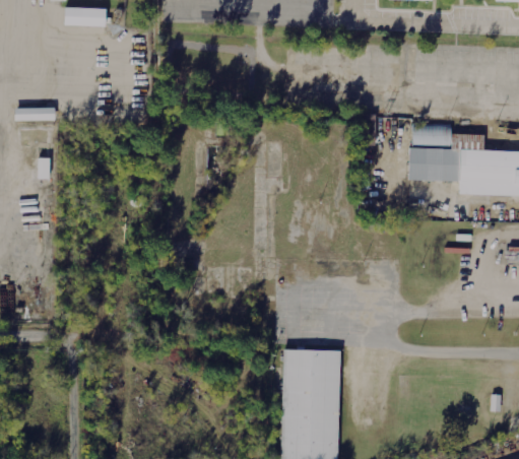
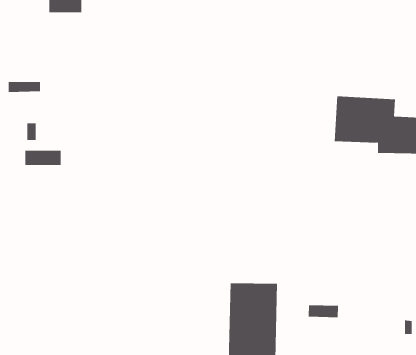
building: none -> [25,150,61,166]
building: none -> [308,304,338,318]

